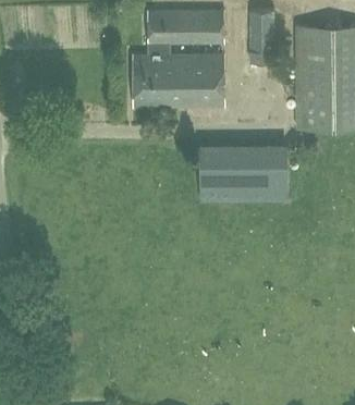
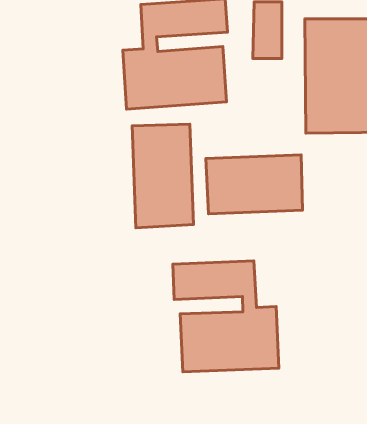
building: none -> [132,124,194,228]
building: none -> [173,261,279,372]

